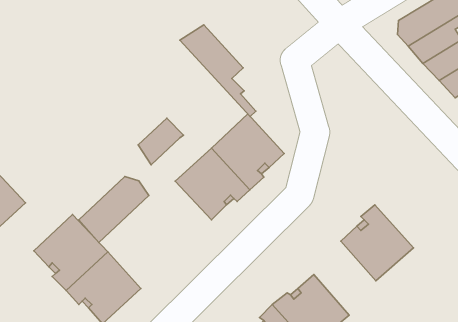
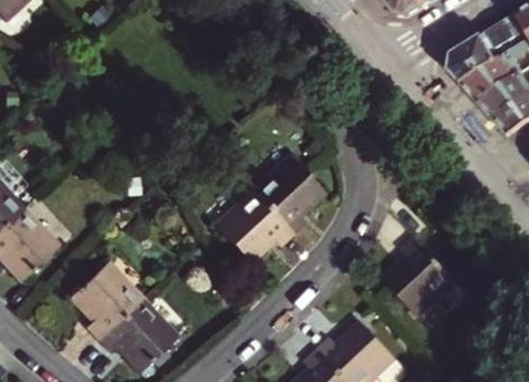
building: [180,25,256,117] -> none
building: [138,118,183,165] -> none
building: [79,176,149,243] -> none

